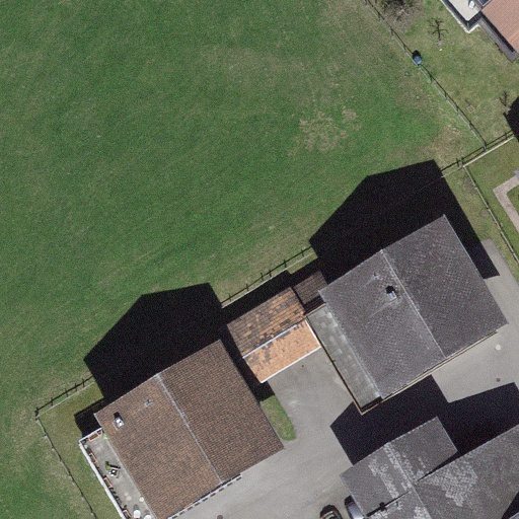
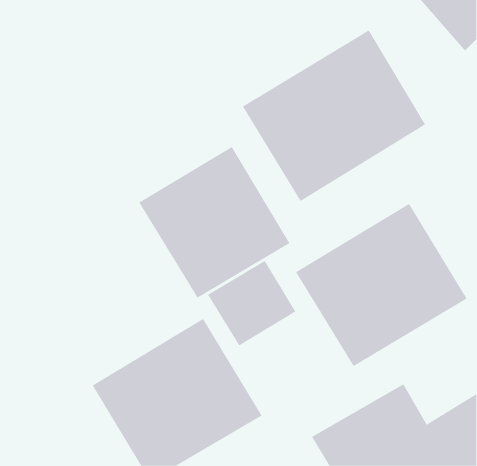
building: none -> [242,29,426,202]
building: none -> [139,146,290,299]

